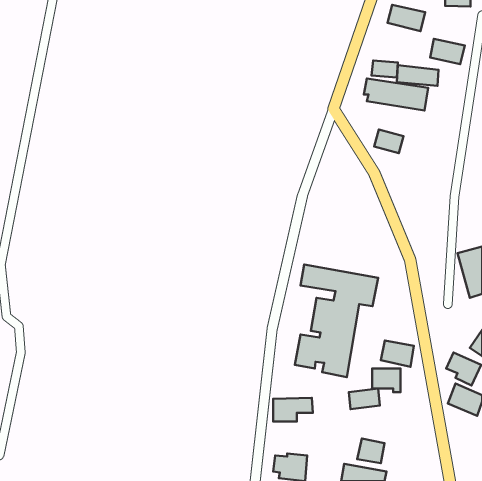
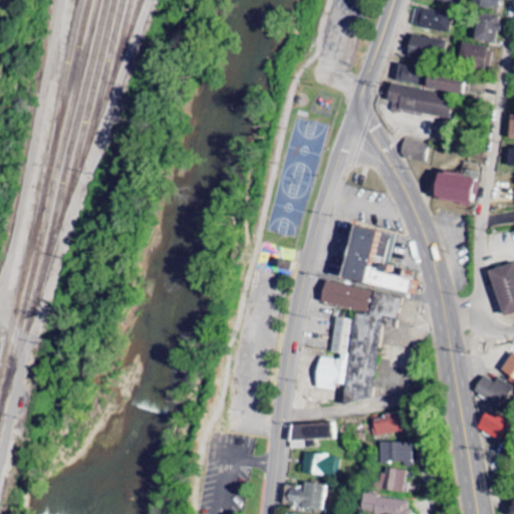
building: none -> [475,12,501,42]
building: none -> [405,33,441,60]
building: none -> [431,172,478,204]
building: none -> [338,226,412,291]
building: [381,340,414,367] -> none
building: [372,369,401,392] -> [381,442,412,467]
building: none -> [302,452,340,477]

